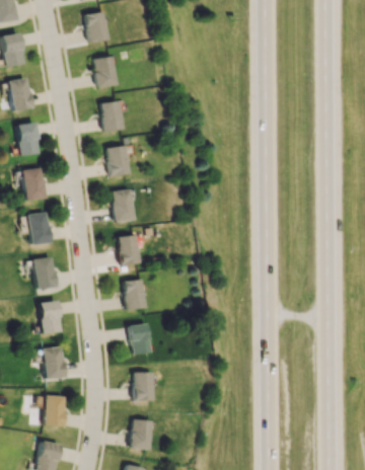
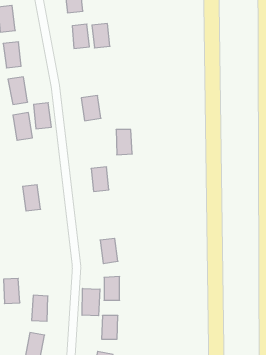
building: [100,101,123,132] -> [92,24,110,48]
building: [114,190,134,222] -> [116,130,132,155]
building: [27,213,50,245] -> [34,103,51,129]
building: [123,280,146,310] -> none
building: [39,301,60,334] -> none
building: [44,347,64,379] -> [4,278,20,304]
building: none -> [82,288,100,316]

